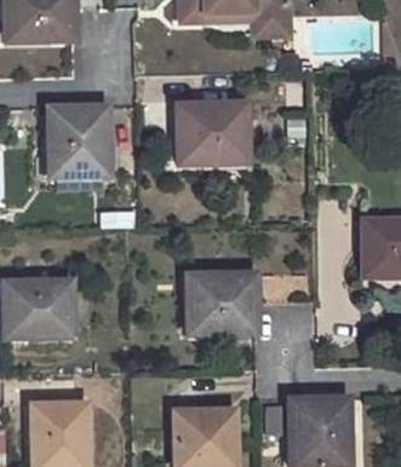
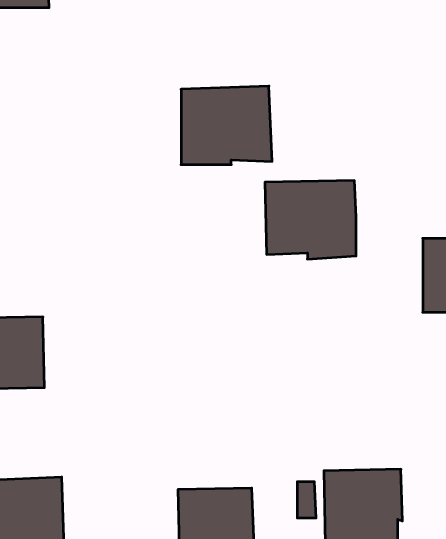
building: [47,109,108,177] -> none
building: [185,276,256,336] -> [265,181,356,259]

